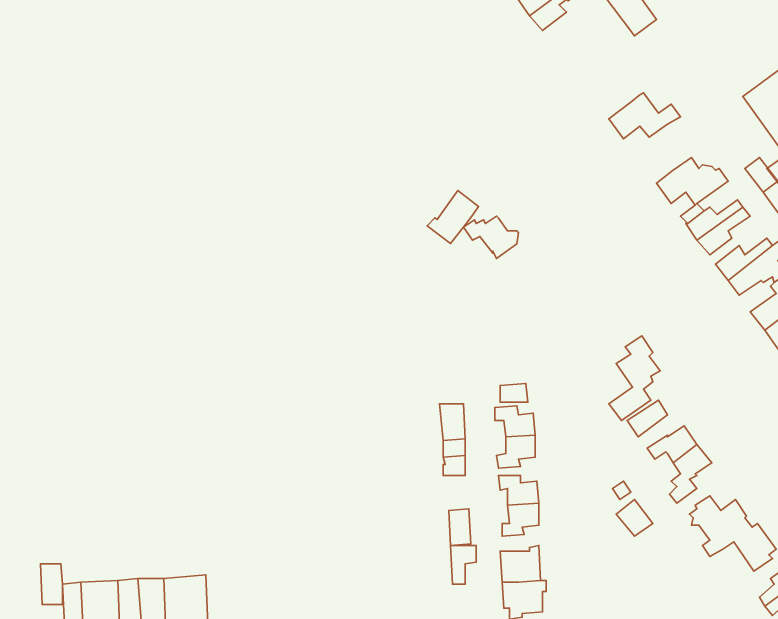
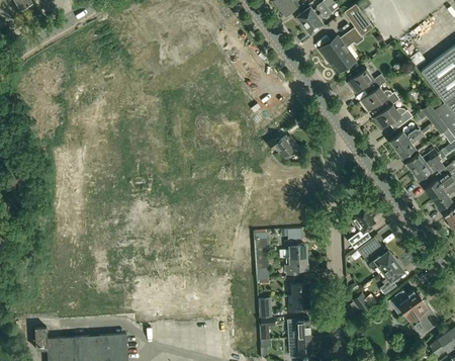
building: none -> [320,34,354,72]
building: none -> [360,86,399,111]
building: [427,191,478,244] -> none

